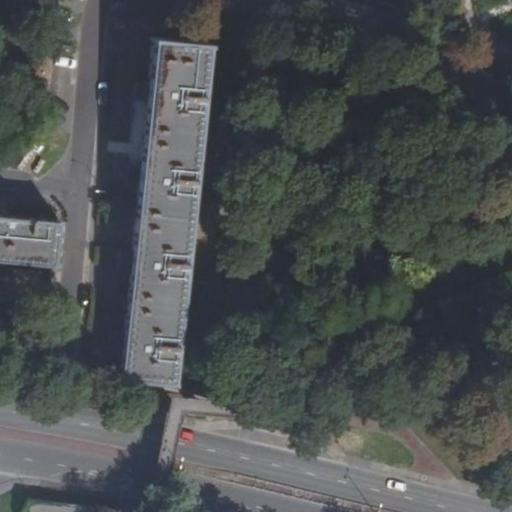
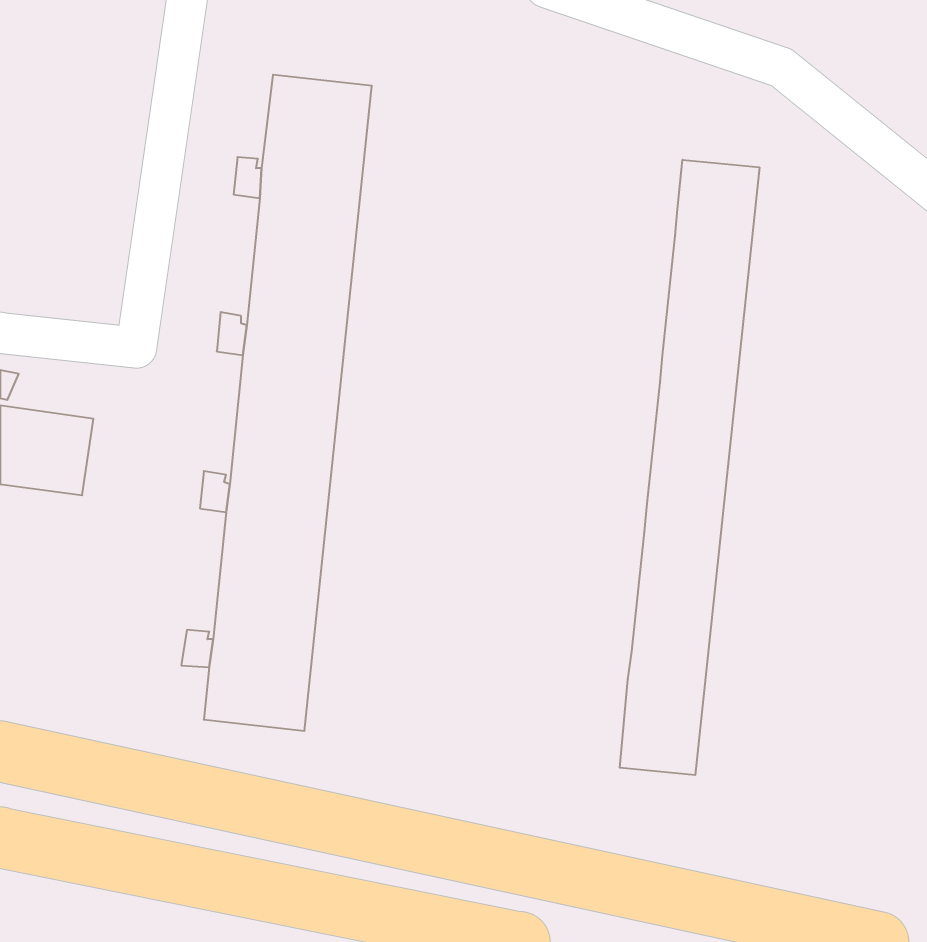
building: none -> [620,160,759,775]

